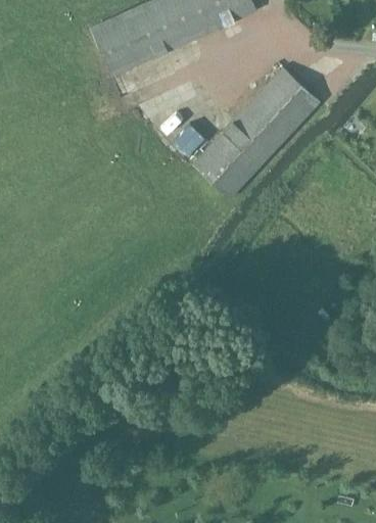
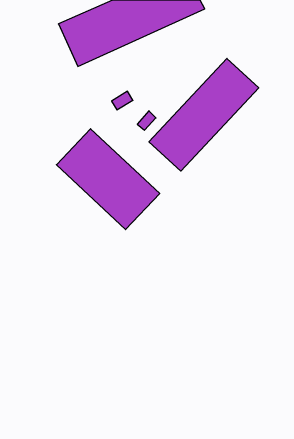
building: none -> [56,129,160,230]

